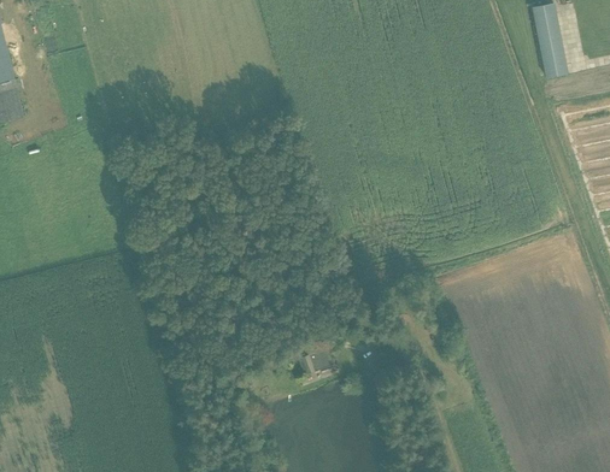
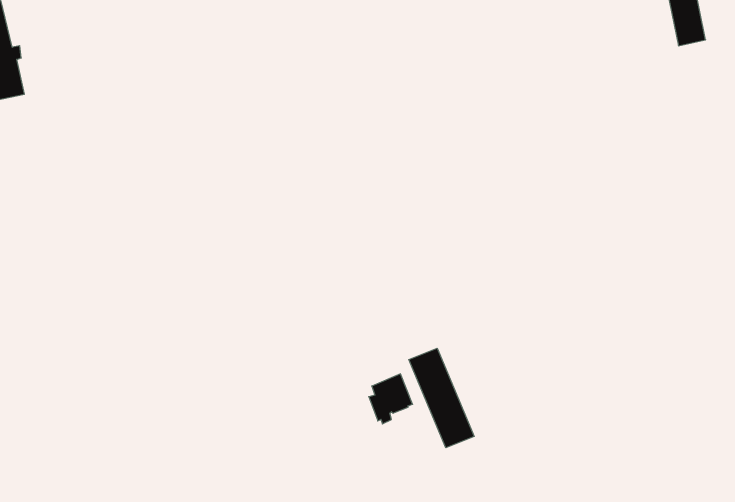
building: none -> [409,348,474,448]

